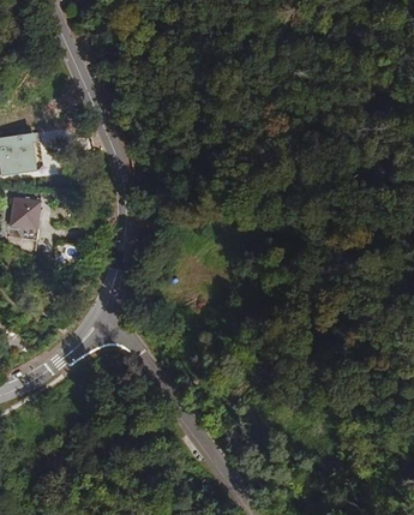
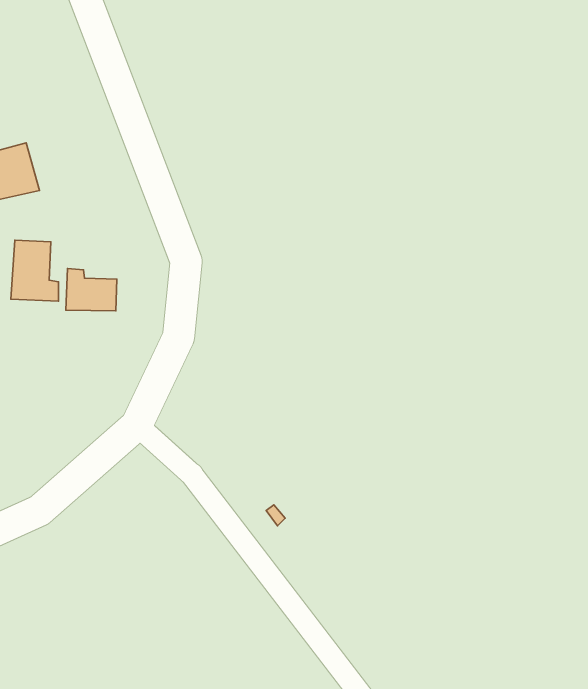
building: none -> [66,268,117,311]

